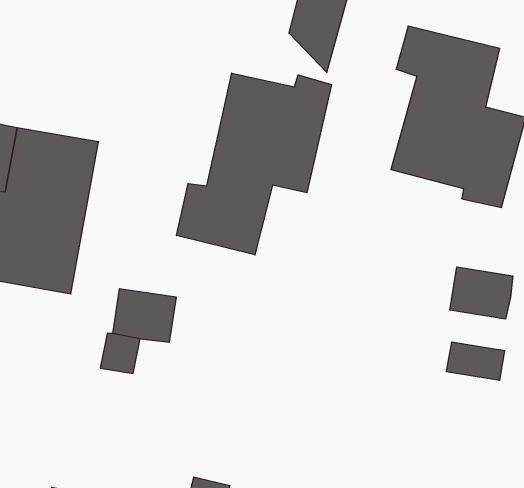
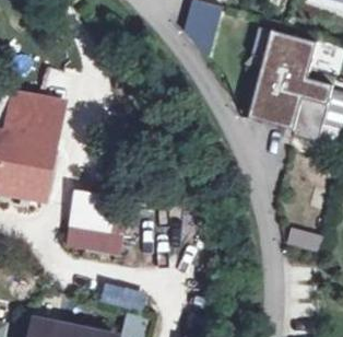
building: [177,73,332,255] -> none
building: [450,267,513,319] -> none

